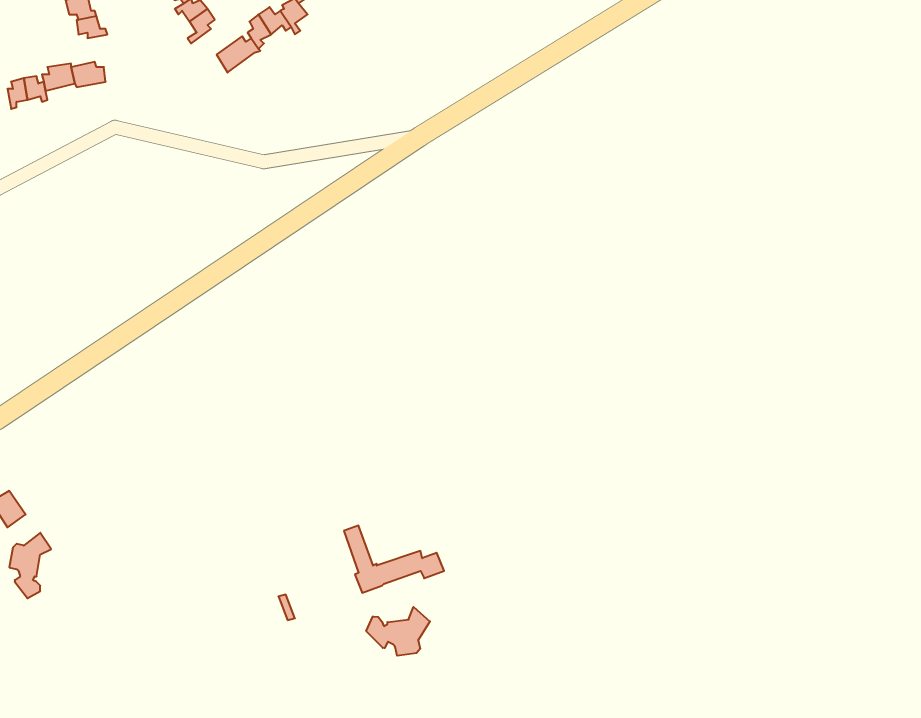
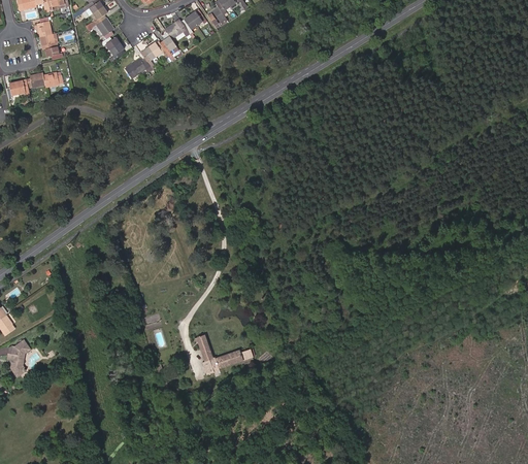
building: [366,607,430,656] -> none

